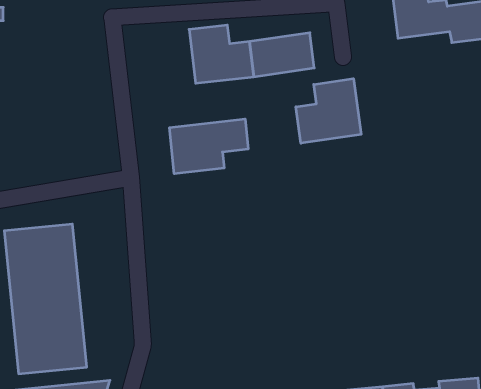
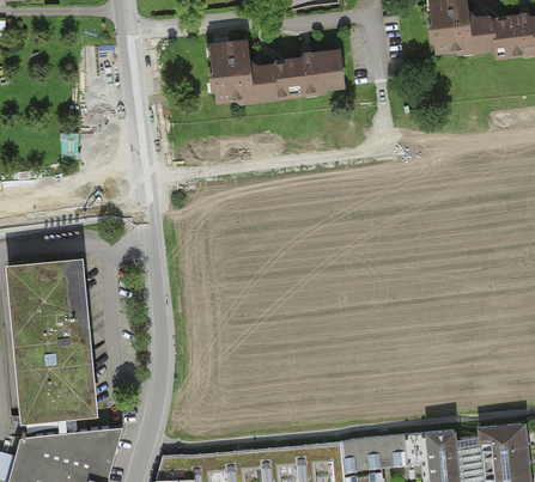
building: [296,79,361,143] -> none
building: [170,119,248,174] -> none

